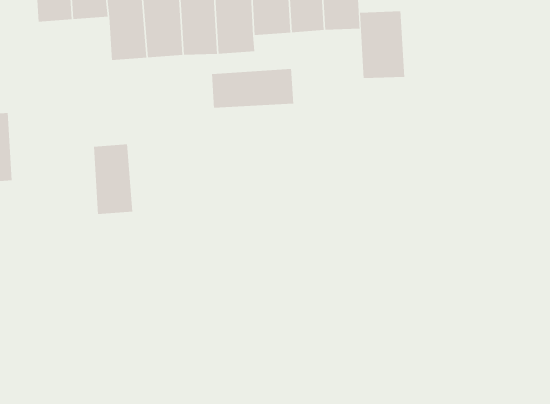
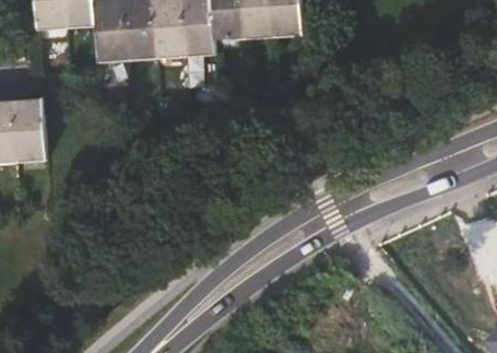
building: [359,10,405,79] -> none
building: [211,68,294,108] -> none
building: [93,144,133,215] -> [12,99,45,157]

